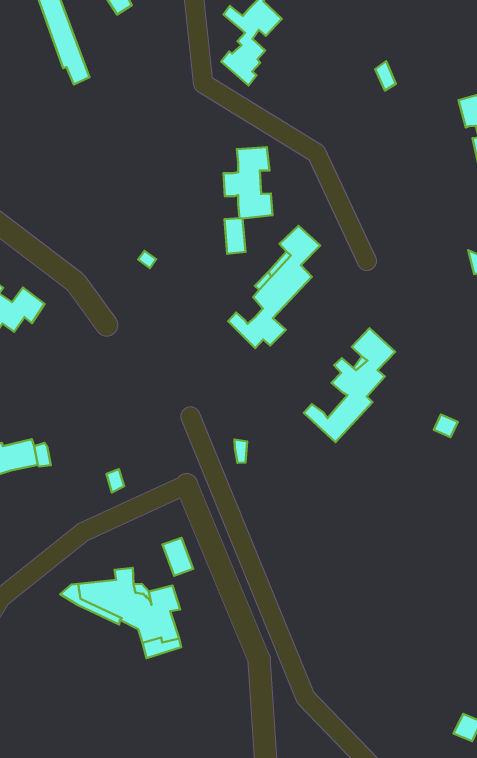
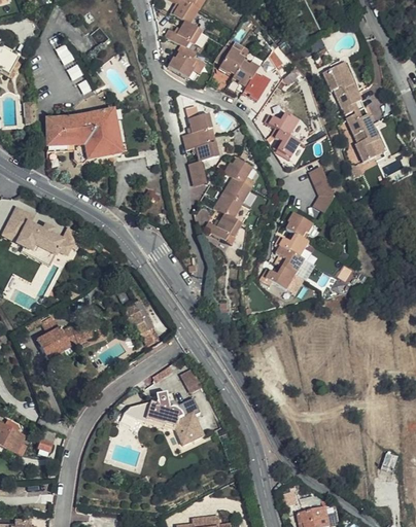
building: none -> [221,48,270,102]
building: none -> [45,109,119,163]
building: none -> [265,115,297,161]
building: none -> [307,172,331,218]

